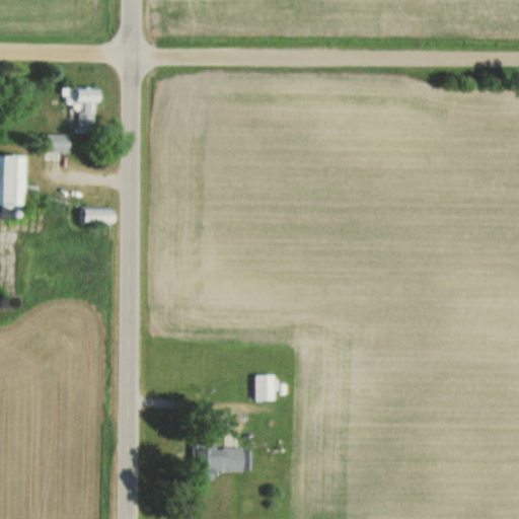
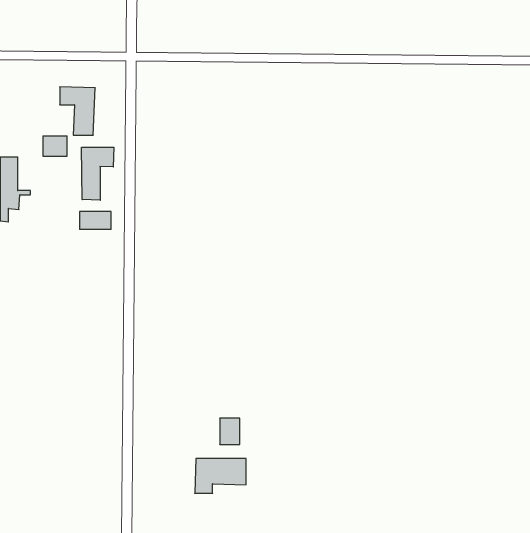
building: none -> [82,147,114,200]
building: [255,374,275,399] -> [220,418,240,444]

